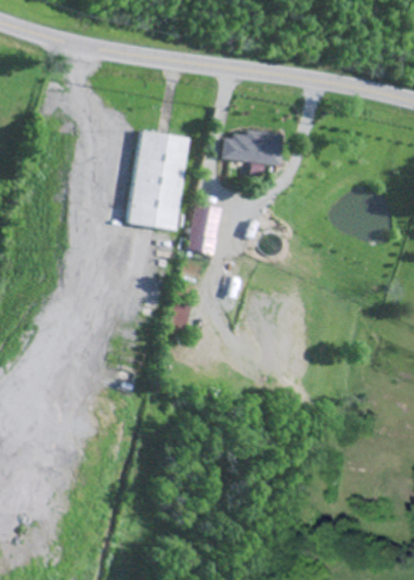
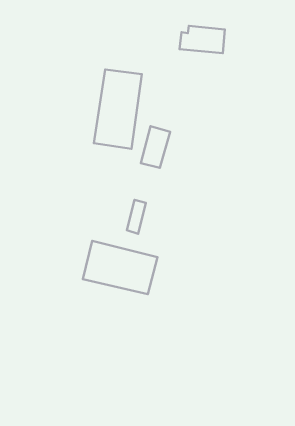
building: [221,130,278,164] -> [179,26,225,53]
building: none -> [83,241,158,294]

